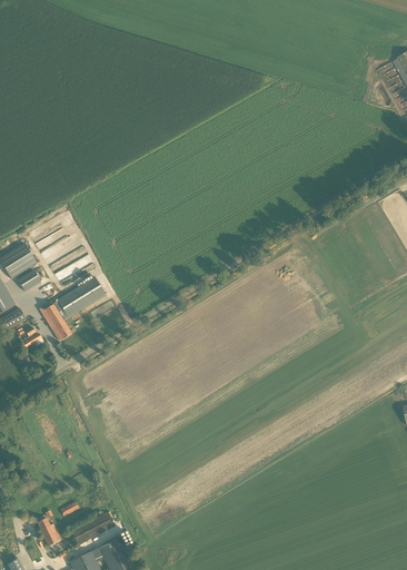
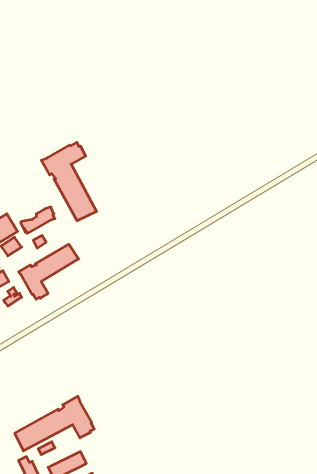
building: none -> [41,142,97,221]
building: none -> [15,396,94,451]

